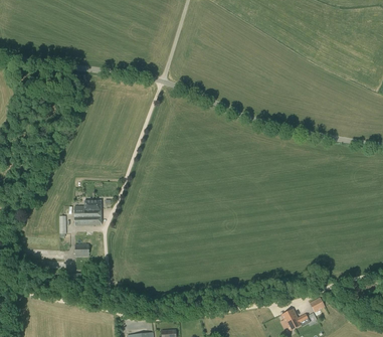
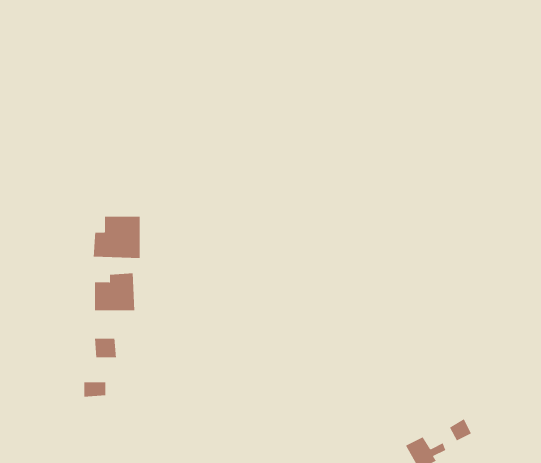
building: none -> [93,216,140,259]

